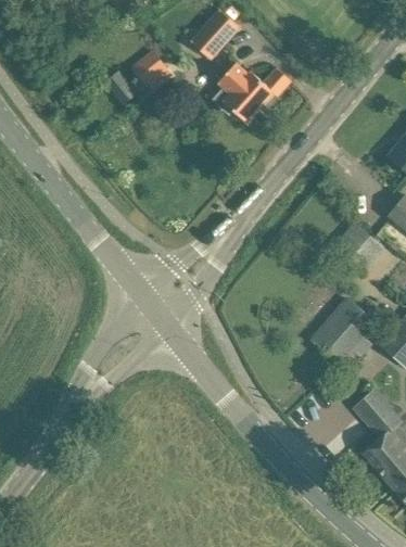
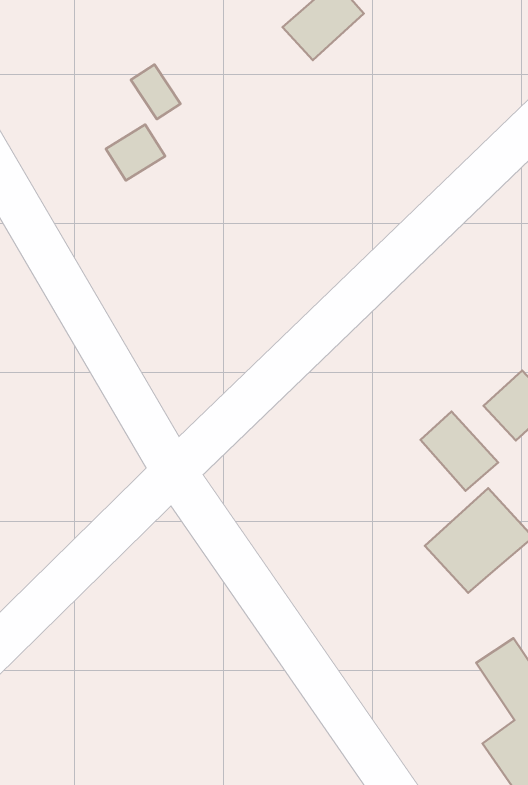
building: [127,52,163,87] -> [106,125,165,180]
building: [212,64,291,122] -> none
building: none -> [420,412,498,491]

